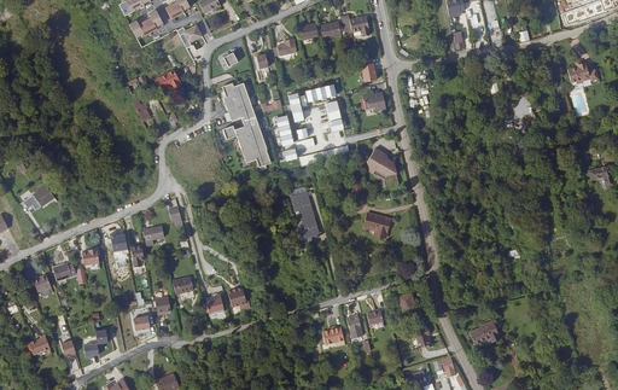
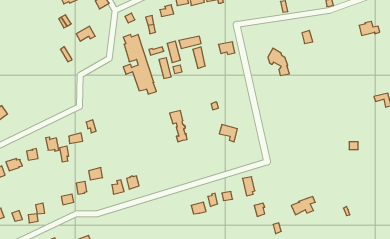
building: [367,146,398,186] -> [268,48,289,75]

